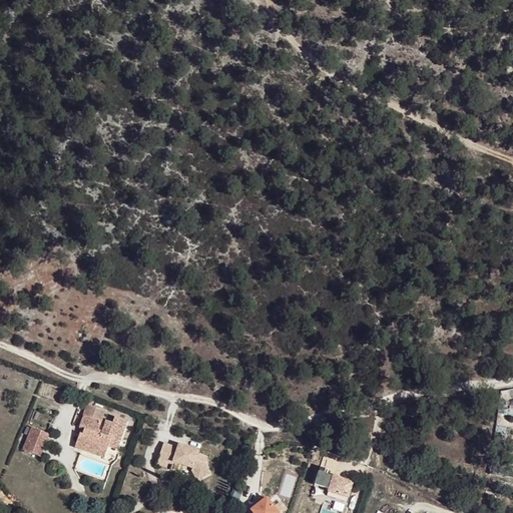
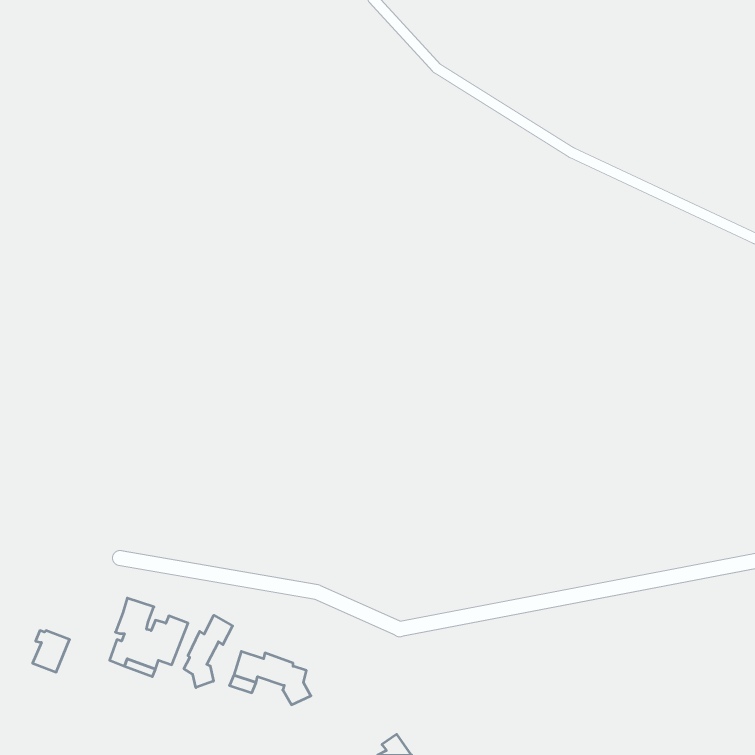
building: none -> [184,615,233,688]
building: [317,467,355,502] -> none

